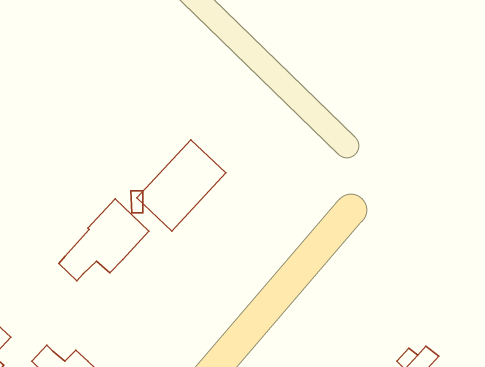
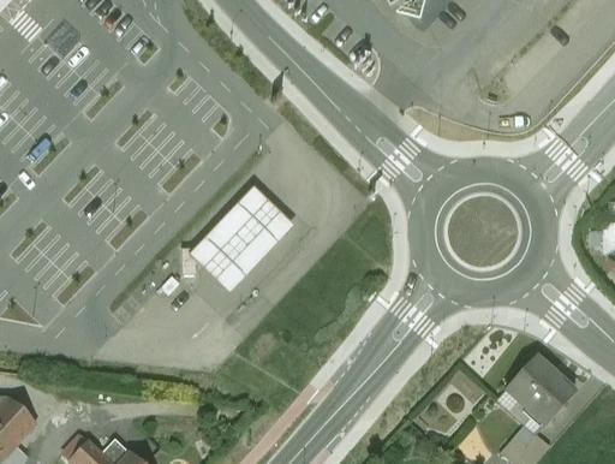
building: [59,199,149,281] -> none
building: none -> [506,357,574,424]

